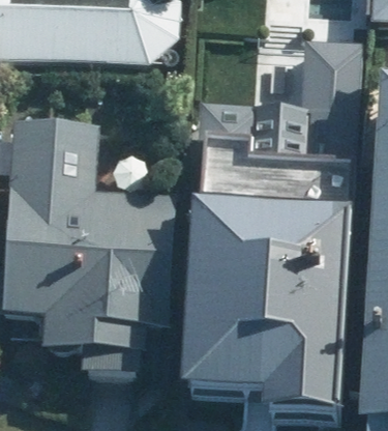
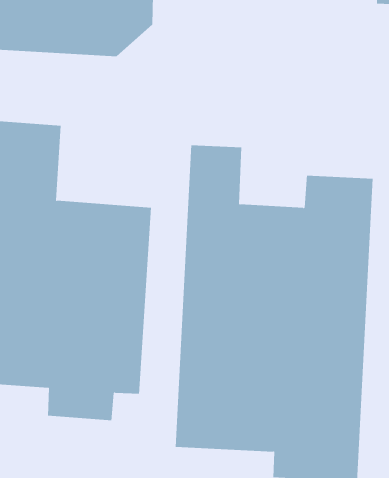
building: [289,36,356,166] -> none

